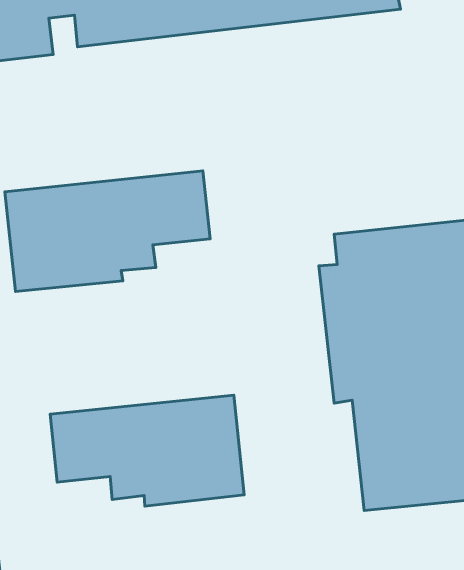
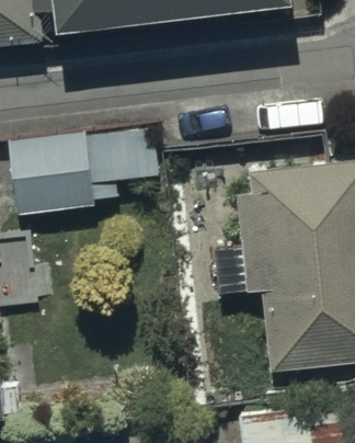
building: [50,395,244,506] -> none

